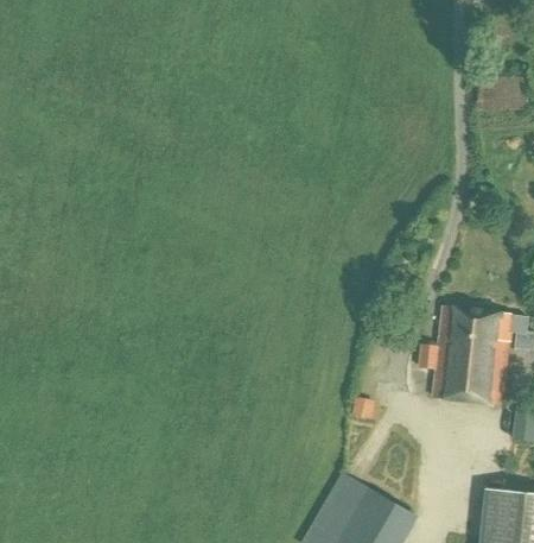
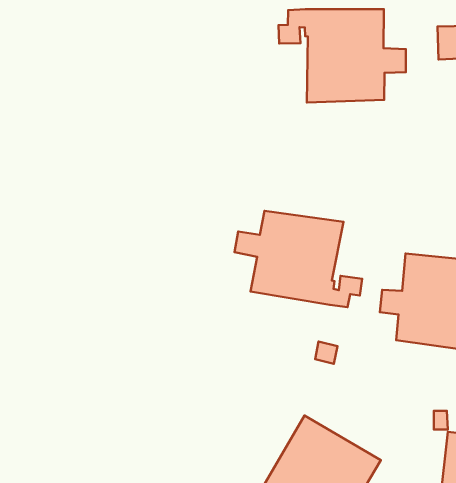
building: none -> [279,9,406,102]
building: none -> [235,211,362,307]

